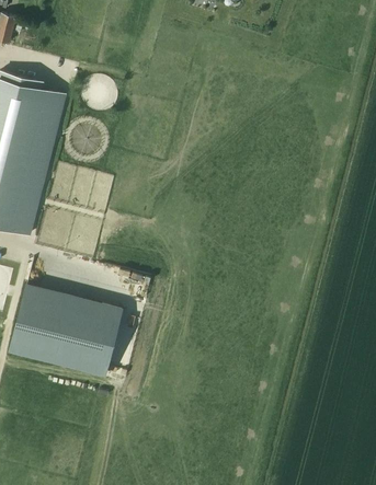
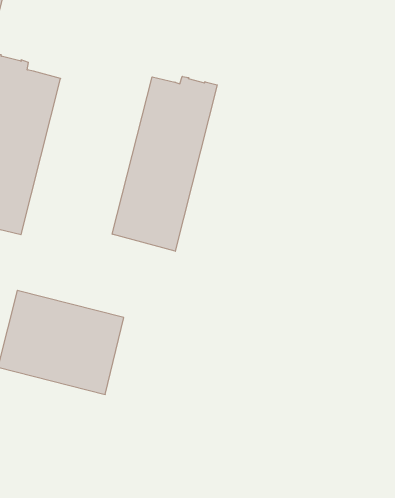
building: none -> [112,76,217,251]

